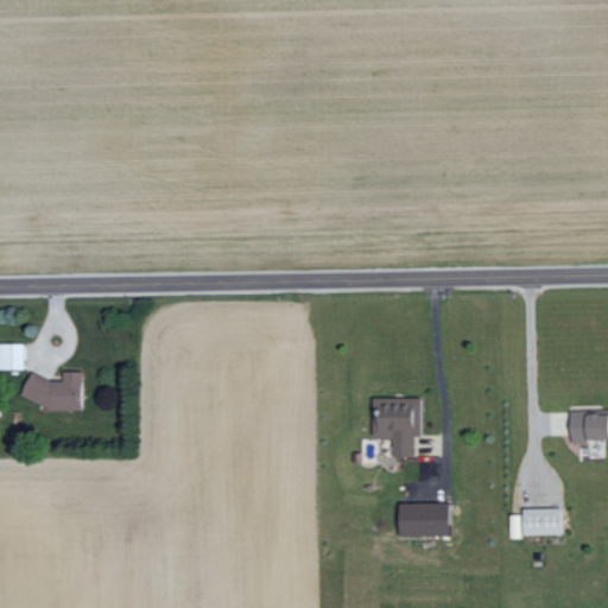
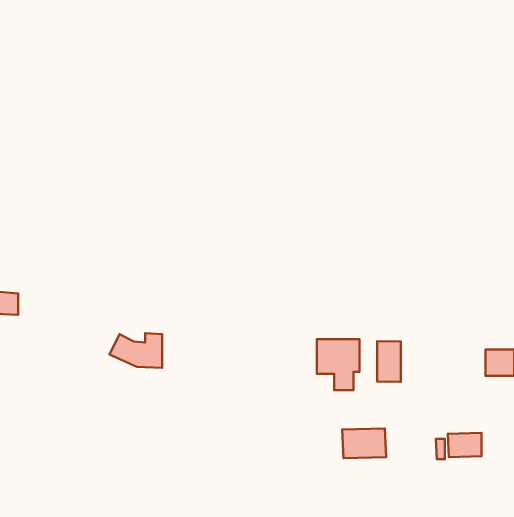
building: [19,372,81,412] -> [109,333,162,368]
building: none -> [377,341,401,382]

